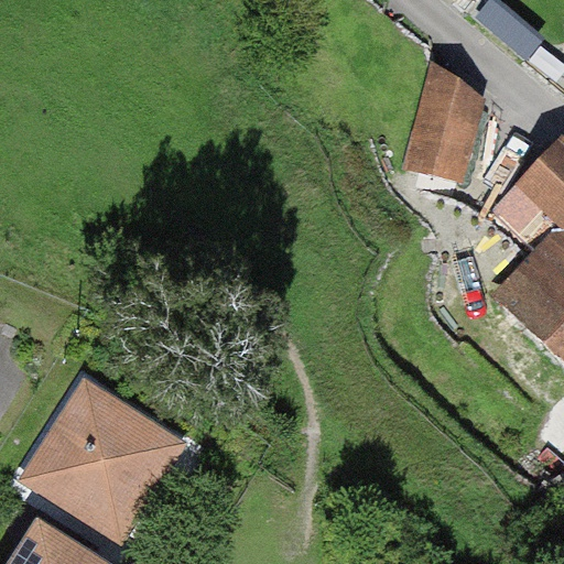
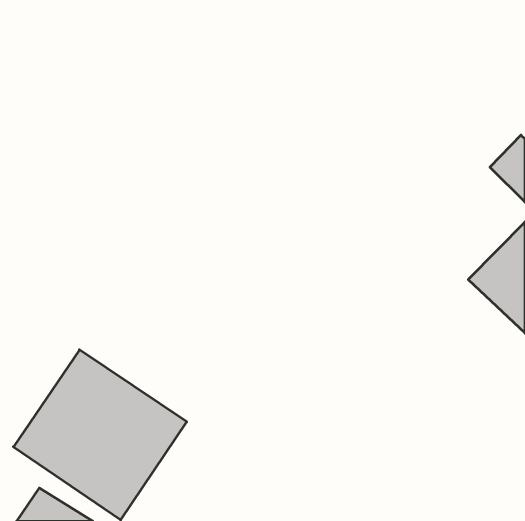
building: [412,70,478,174] -> none

